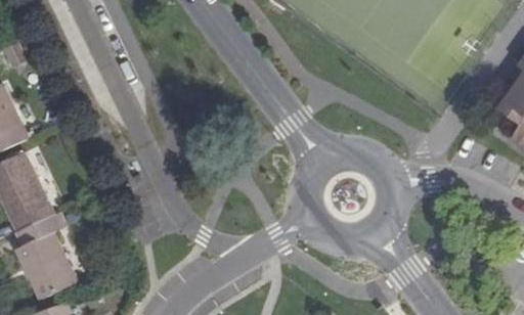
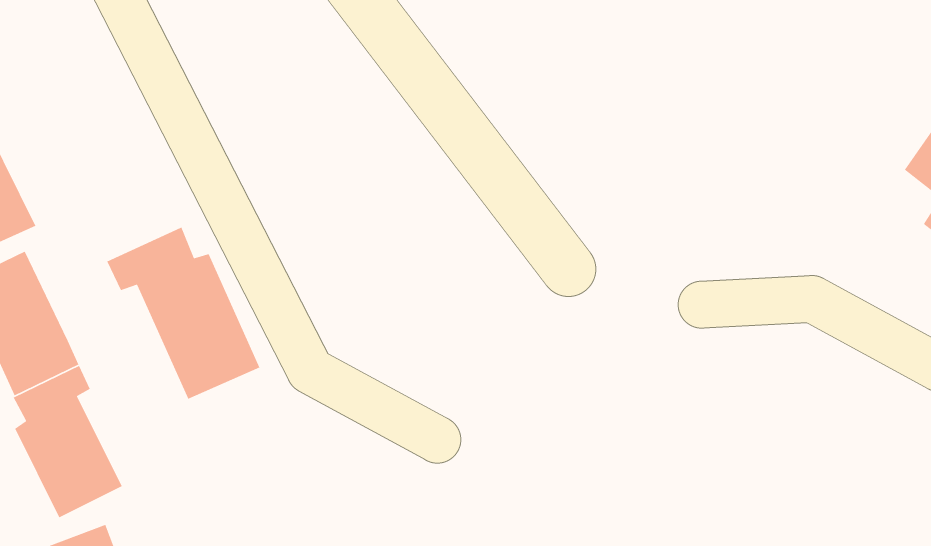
building: none -> [106,225,261,400]

